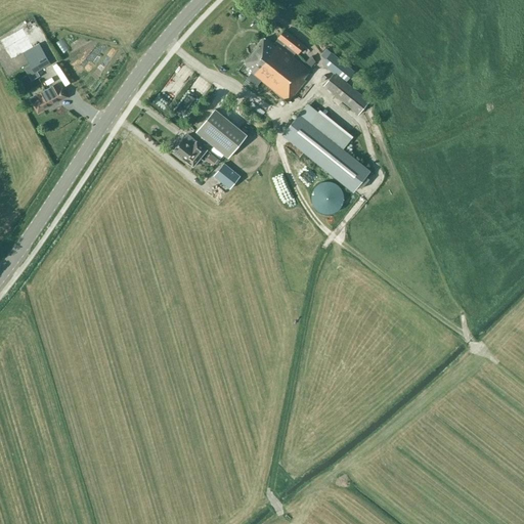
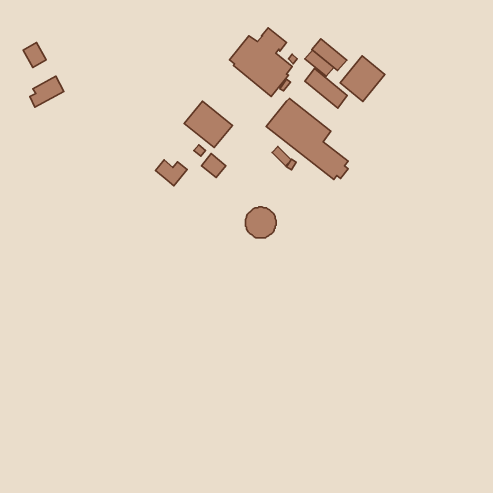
building: none -> [312,39,347,71]
building: none -> [340,56,385,102]
building: [173,139,207,167] -> [155,160,187,186]
building: [309,180,342,213] -> [245,207,276,238]

